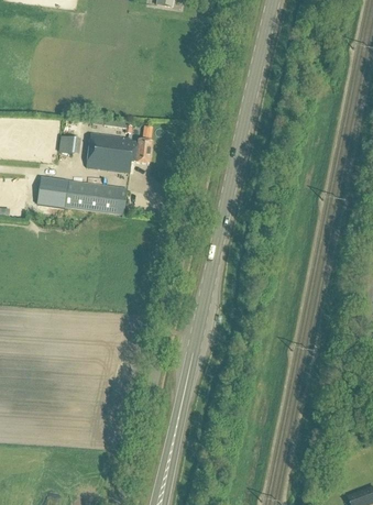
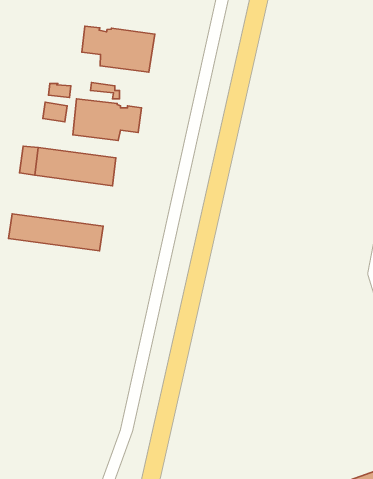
building: none -> [82,26,155,72]
building: none -> [8,214,103,251]

